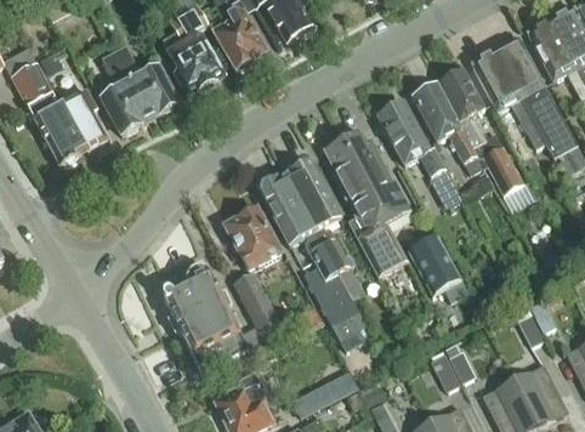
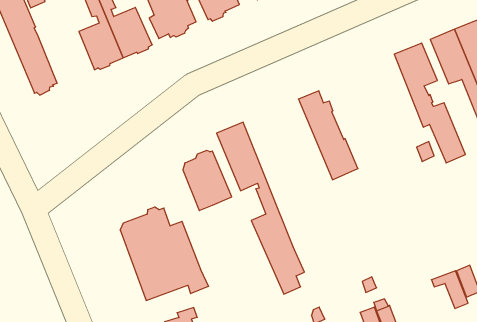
building: [413,83,479,171] -> none
building: [58,87,107,150] -> none
building: [379,101,459,205] -> none
building: [324,138,405,275] -> none
building: [284,158,364,297] -> none
building: [407,232,467,299] -> none
building: [231,272,278,332] -> none

